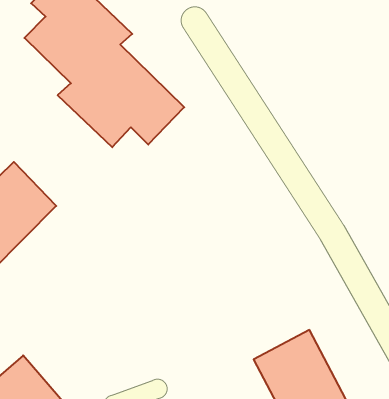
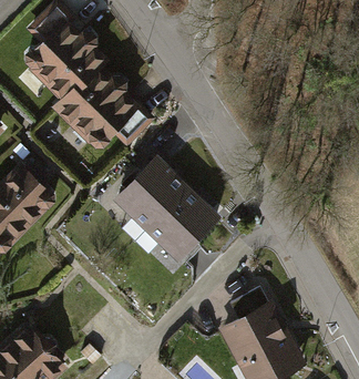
building: none -> [110,156,216,262]

